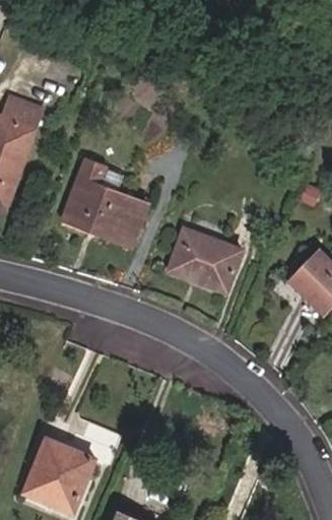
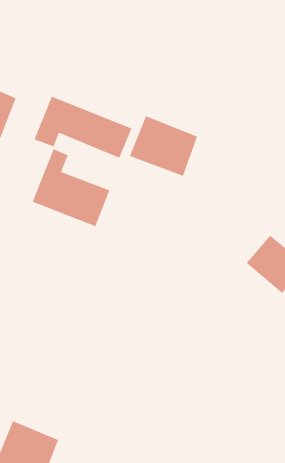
building: none -> [34,96,132,159]
building: [169,225,241,289] -> [129,115,198,176]

